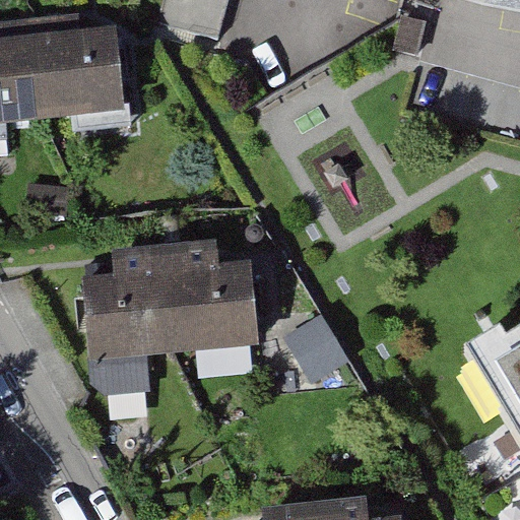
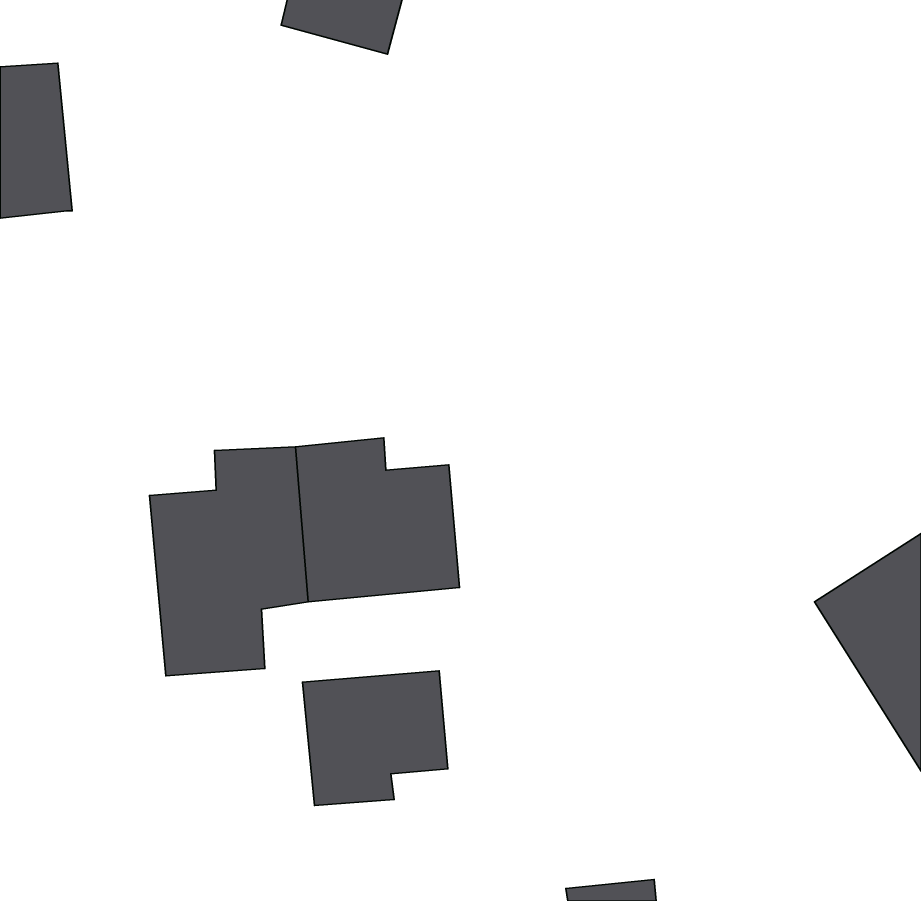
building: [32,26,125,119] -> none
building: none -> [302,671,448,806]

